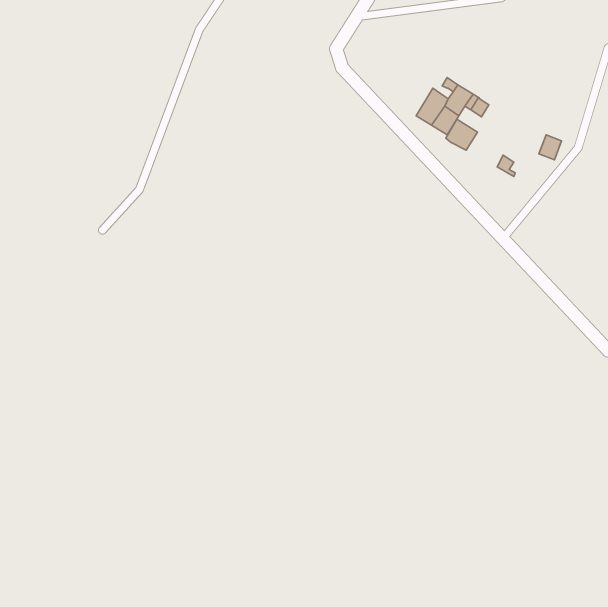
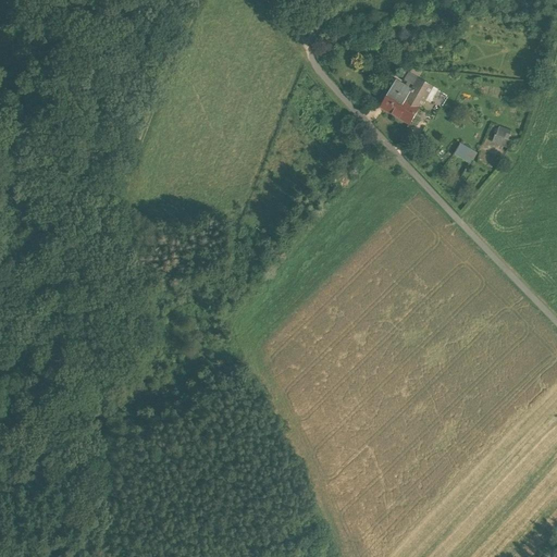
building: [446,119,478,150] -> none

